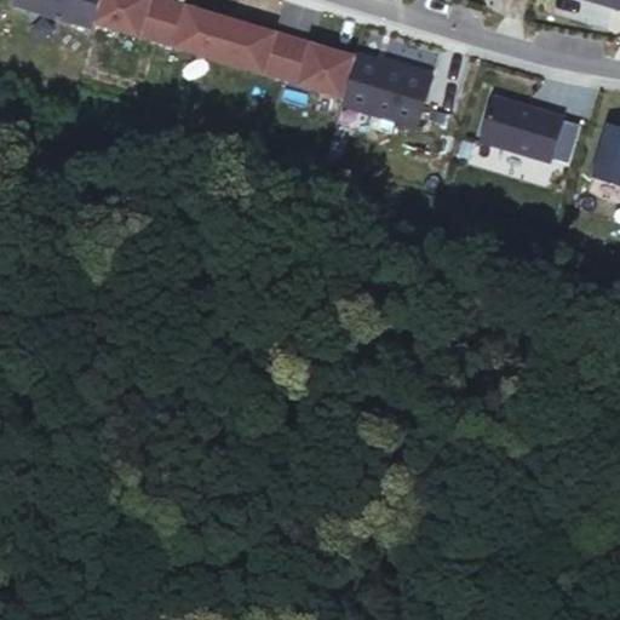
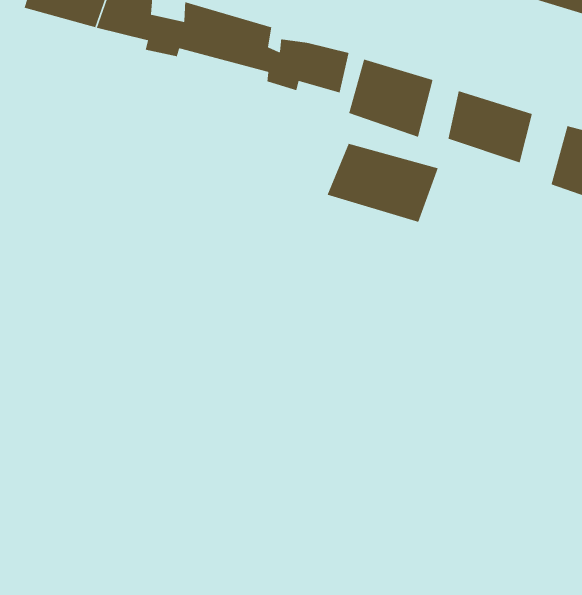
building: none -> [327,143,439,223]

